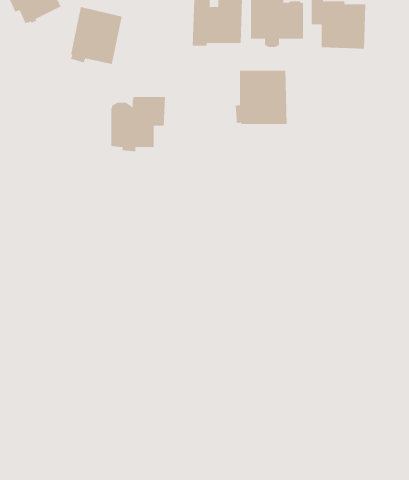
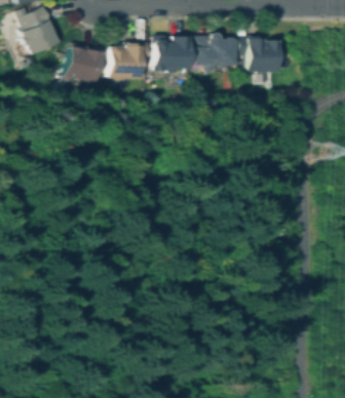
building: [235,70,287,125] -> none
building: [111,97,166,152] -> [110,42,150,82]

